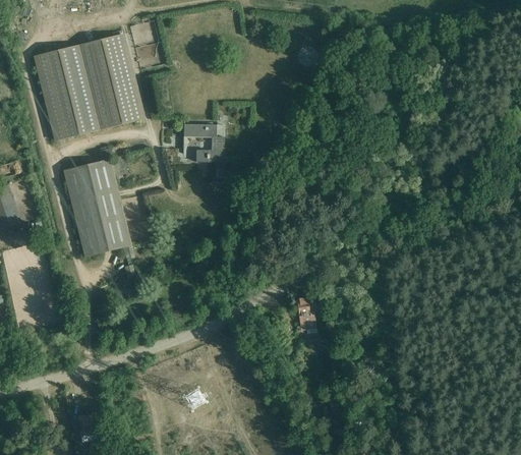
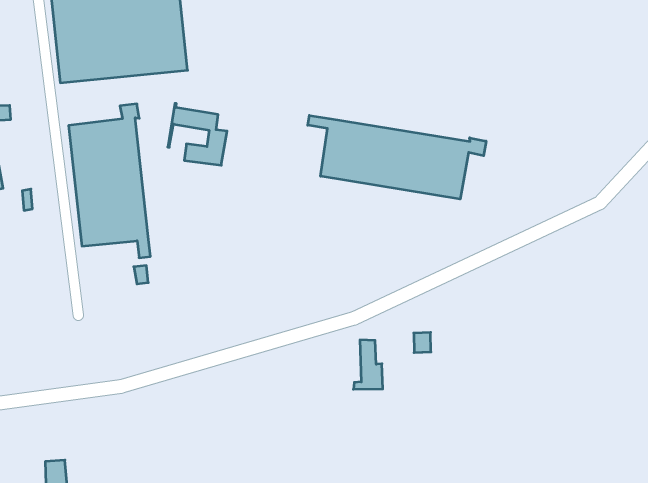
building: [182,121,224,162] -> [168,103,227,165]
building: none -> [308,115,486,199]

